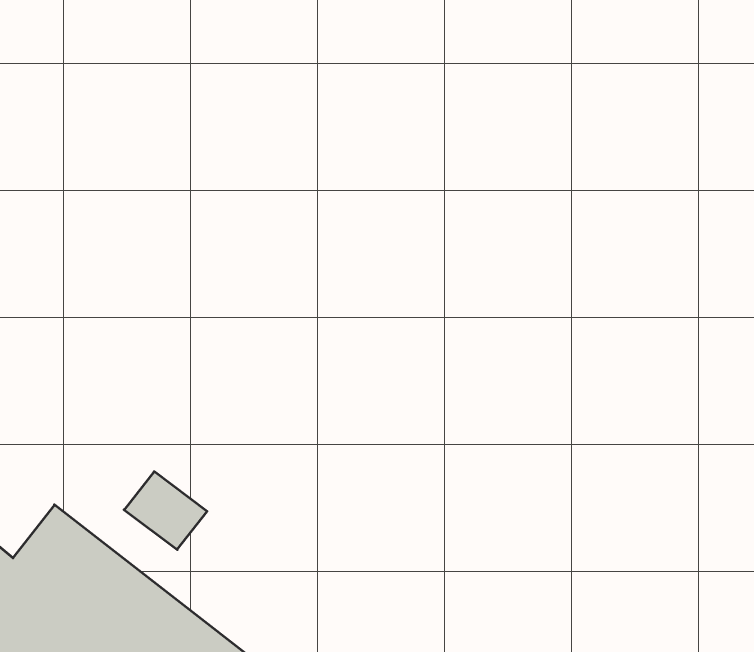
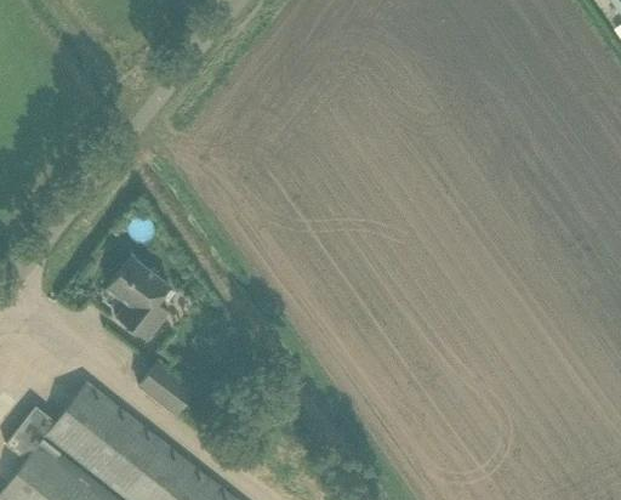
building: none -> [108,257,170,341]

